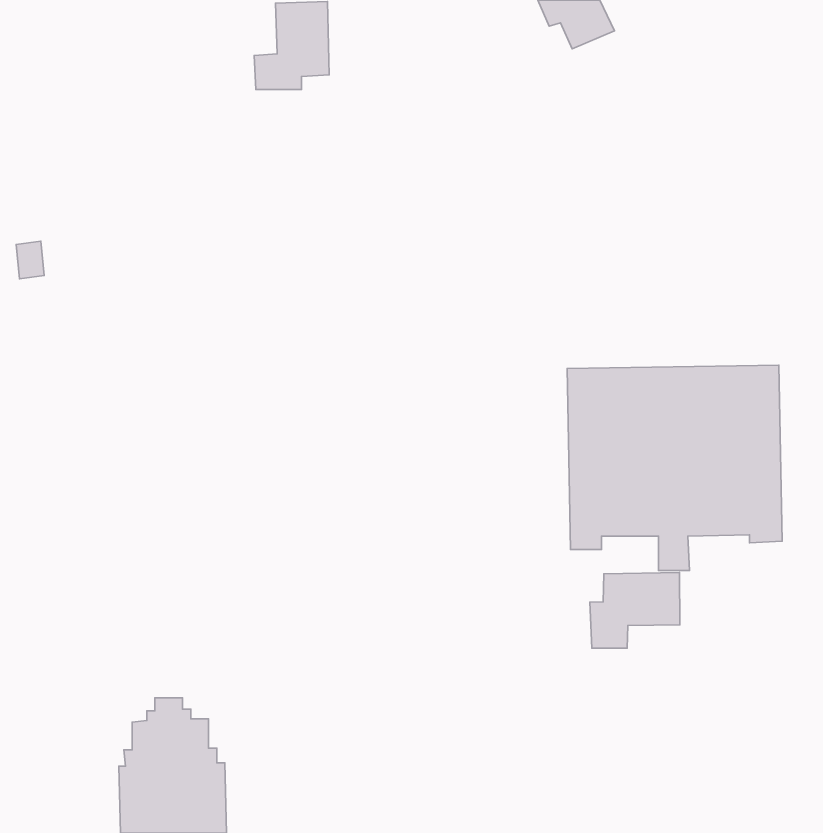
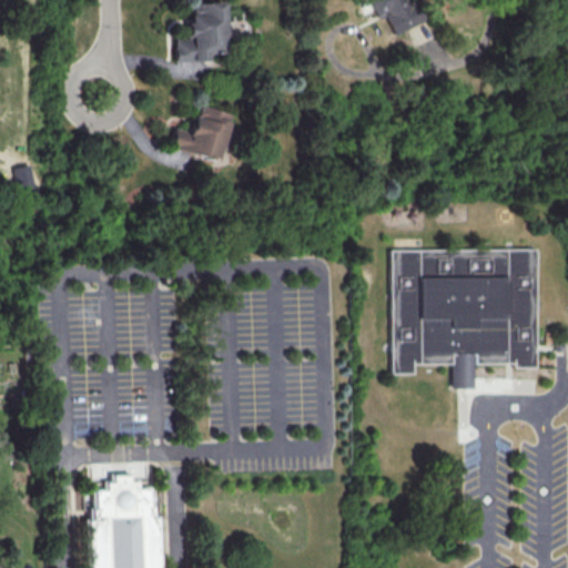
building: none -> [173,104,234,160]
building: [590,573,680,648] -> none

